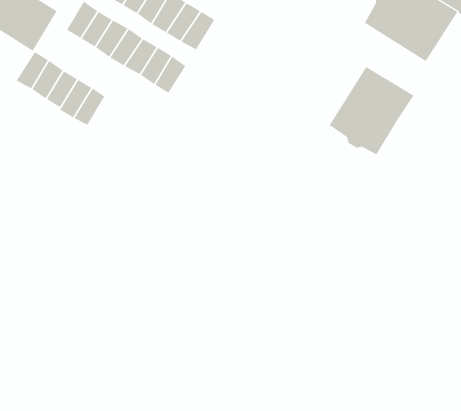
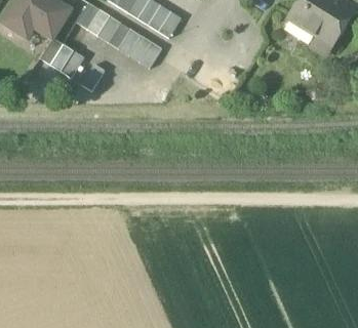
building: [329,66,414,155] -> none

